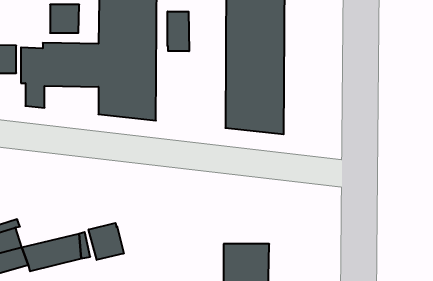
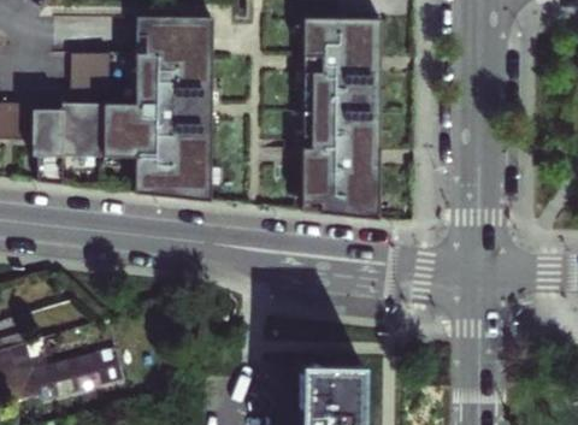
building: [167,11,189,51] -> none
building: [89,223,124,260] -> none

